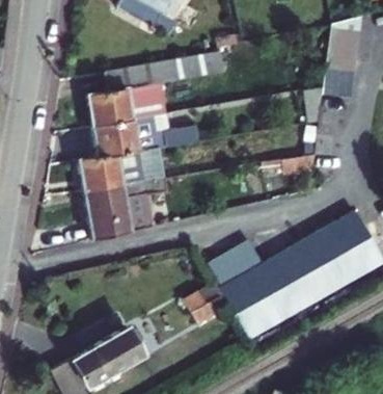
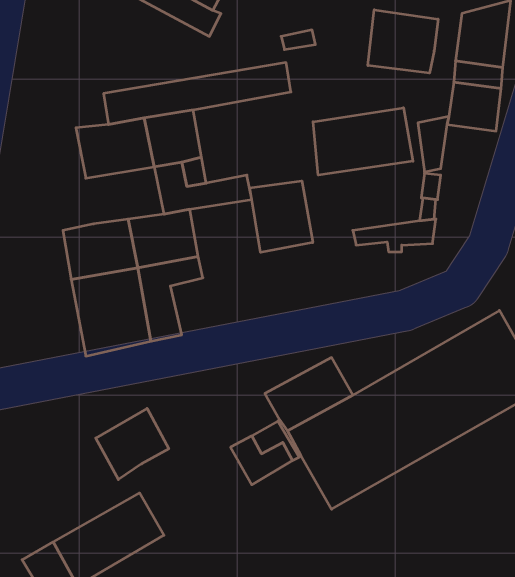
building: none -> [368,10,438,73]
building: none -> [313,108,413,175]
building: [92,120,142,156] -> none
building: none -> [250,181,313,252]
building: none -> [96,408,169,480]

